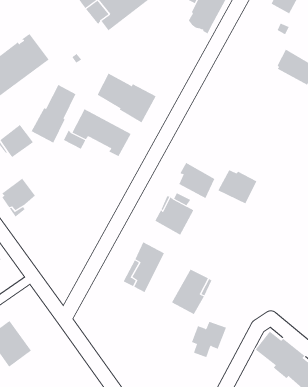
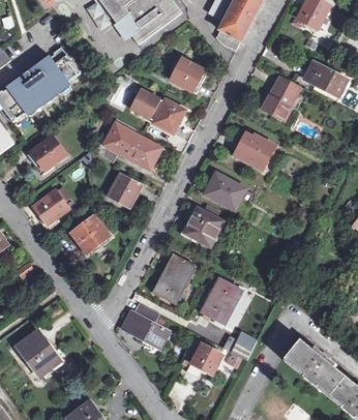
building: none -> [171,58,207,90]
building: none -> [262,78,299,119]
building: [31,84,76,143] -> none
building: none -> [107,171,144,207]
building: [217,170,257,204] -> [234,134,273,169]
building: none -> [70,215,109,253]
building: none -> [124,302,169,346]
building: none -> [188,342,222,377]

